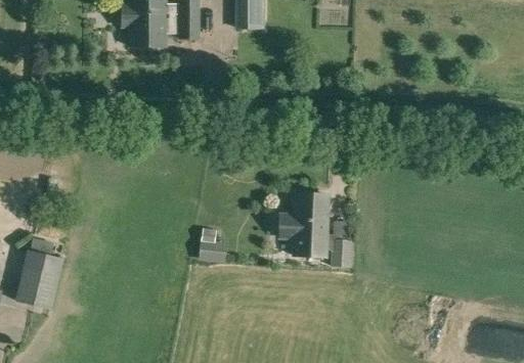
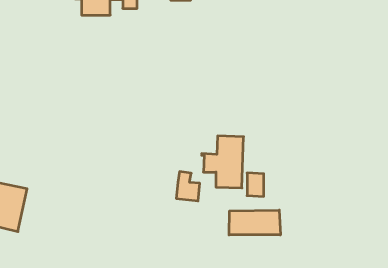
building: [199,227,227,263] -> [176,172,200,201]
building: none -> [229,210,280,235]

